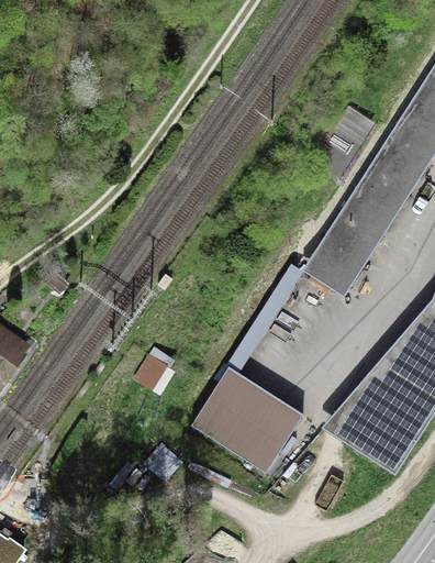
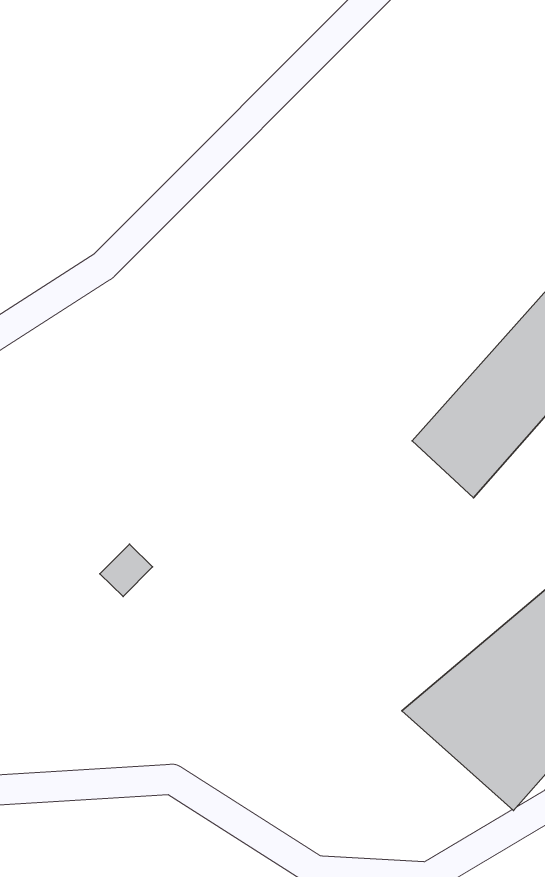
building: [192,367,305,474] -> none

